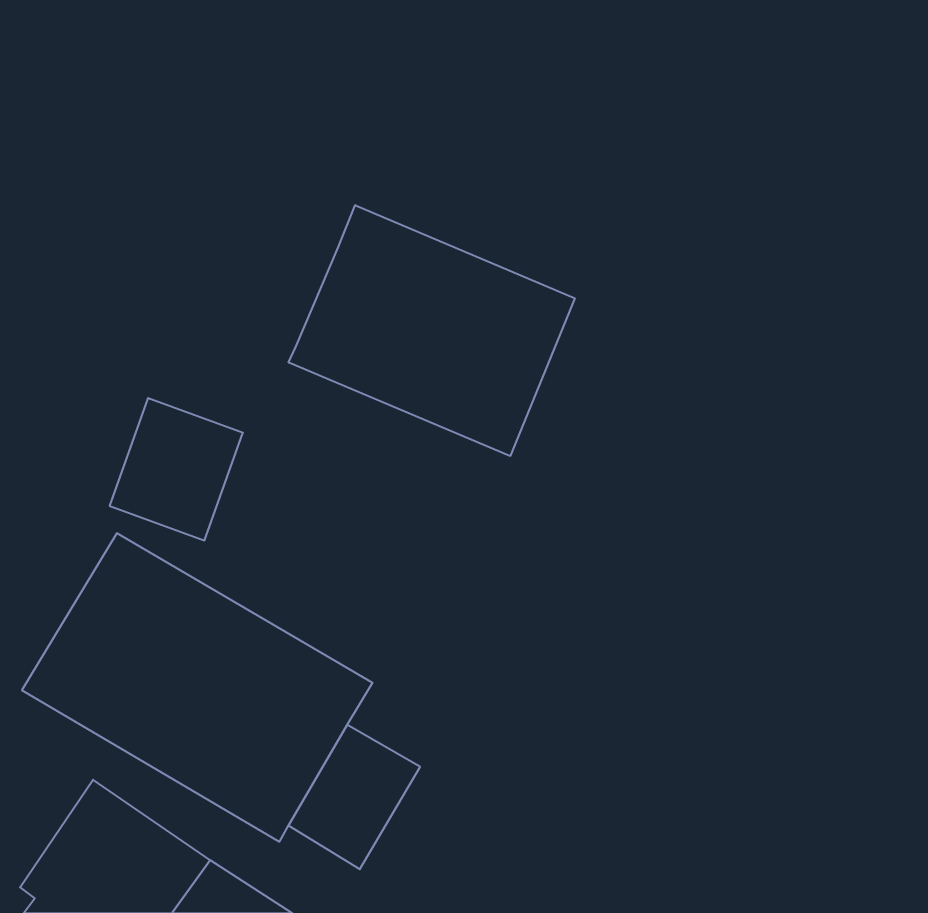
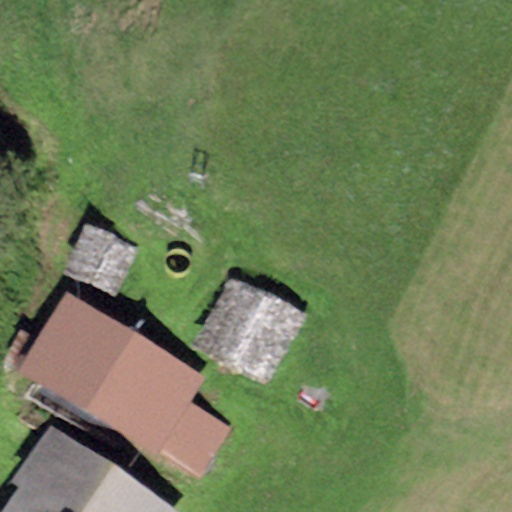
building: [289,205,575,456] -> none
building: none -> [190,274,306,391]

